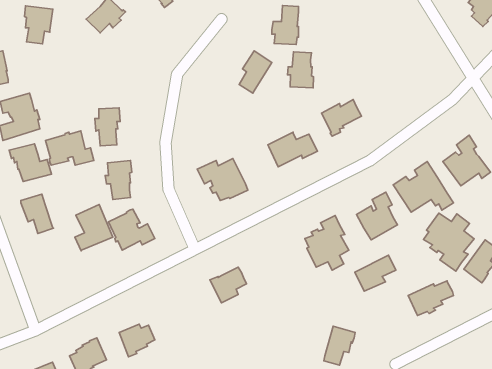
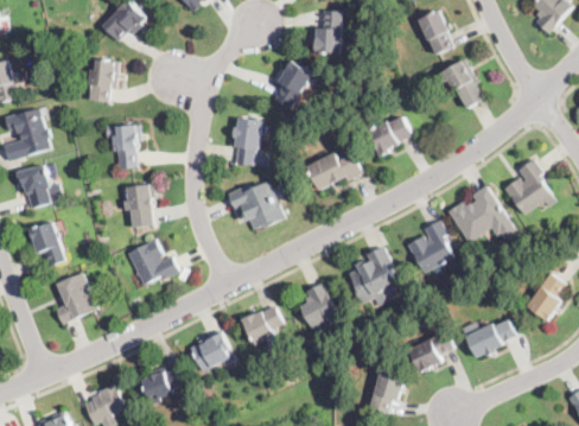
building: none -> [418,9,451,53]
building: [25,6,53,44] -> [87,59,119,102]
building: none -> [438,58,482,108]
building: [287,52,314,88] -> none
building: none -> [233,117,267,166]
building: [45,131,94,165] -> none
building: [75,204,113,251] -> [55,272,97,324]
building: [423,213,474,271] -> none
building: none -> [298,282,338,336]
building: [355,255,396,291] -> [407,331,453,371]
building: none -> [190,331,228,371]

